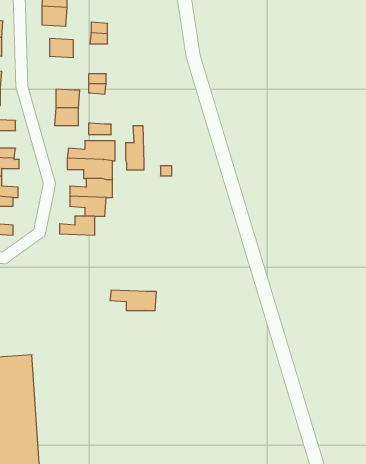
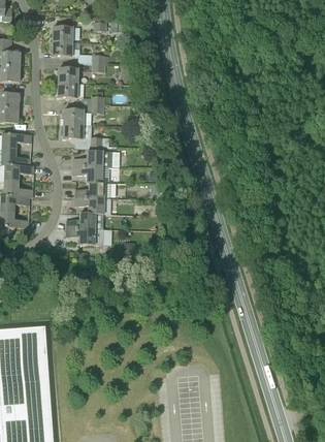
building: none -> [58,82,85,98]
building: [126,126,144,170] -> none
building: [110,290,156,310] -> [66,227,104,244]

